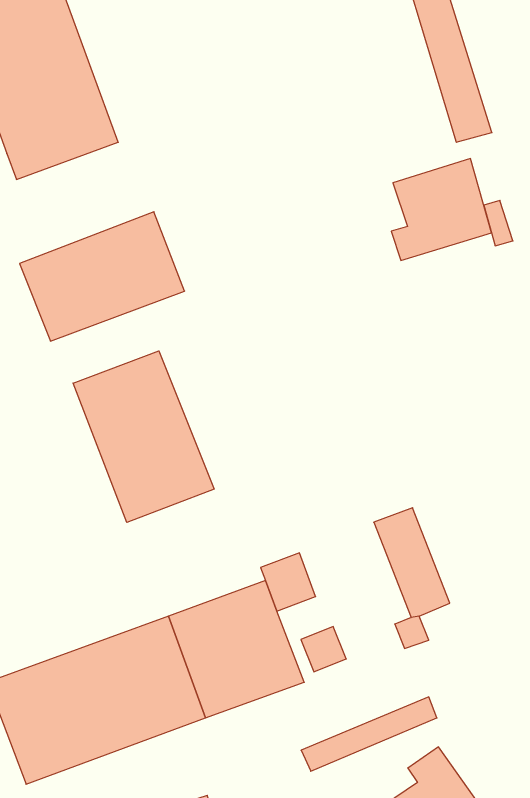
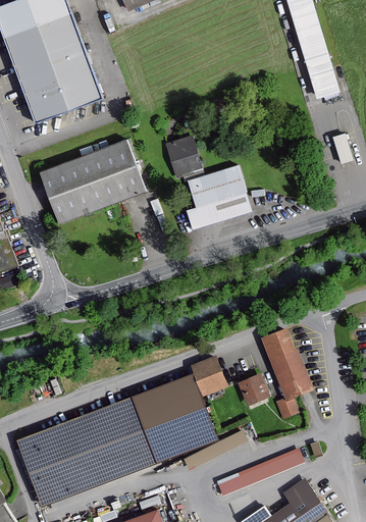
building: [391,159,492,260] -> [188,166,251,230]
building: none -> [165,138,200,177]
building: [73,351,214,522] -> none
building: [301,627,346,672] -> [239,374,267,403]

